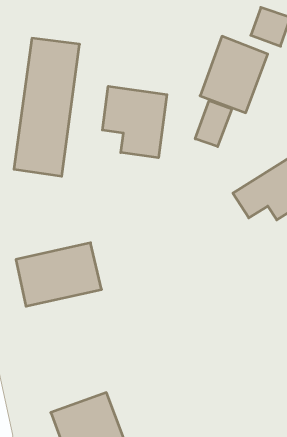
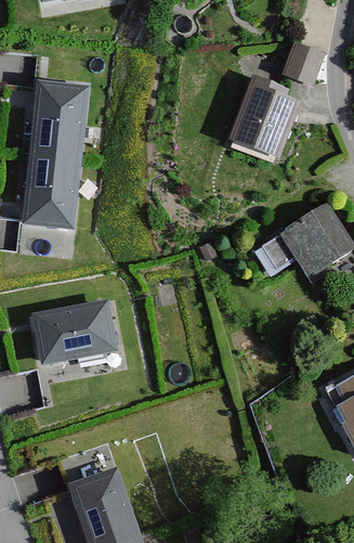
building: [102,86,167,158] -> none
building: [195,100,232,147] -> none

